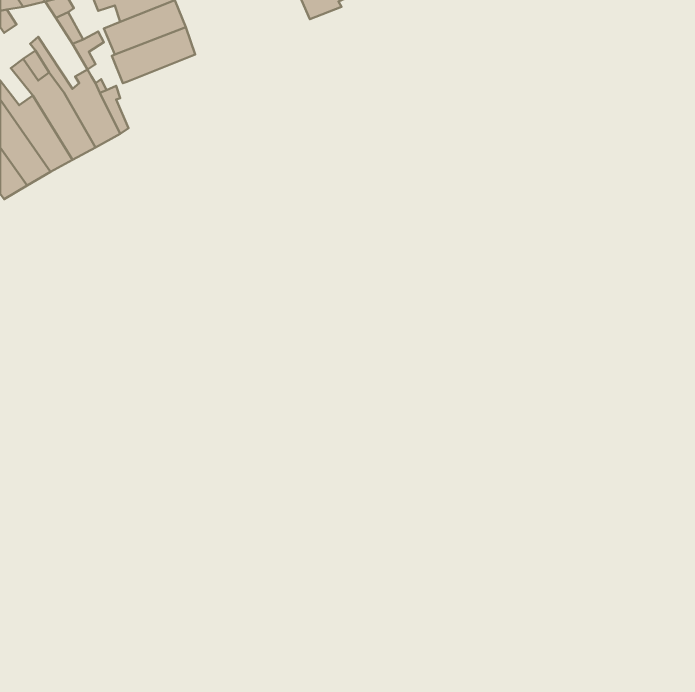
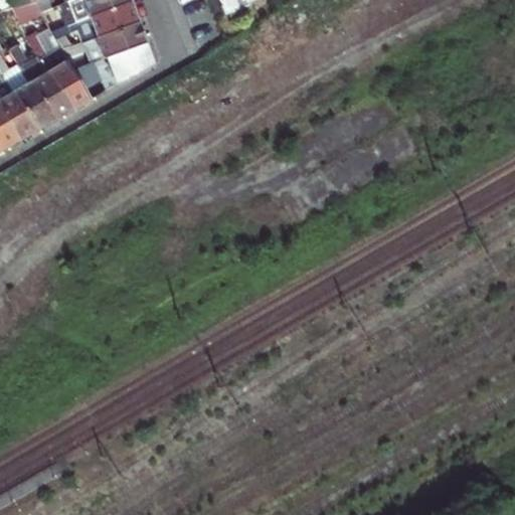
building: none -> [96,40,154,90]

